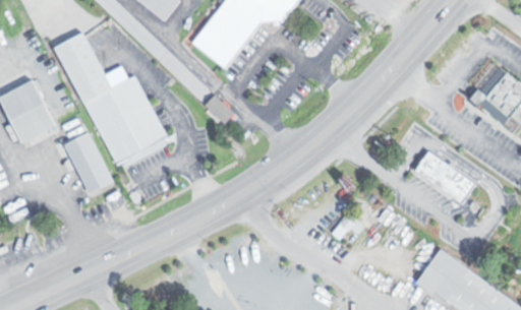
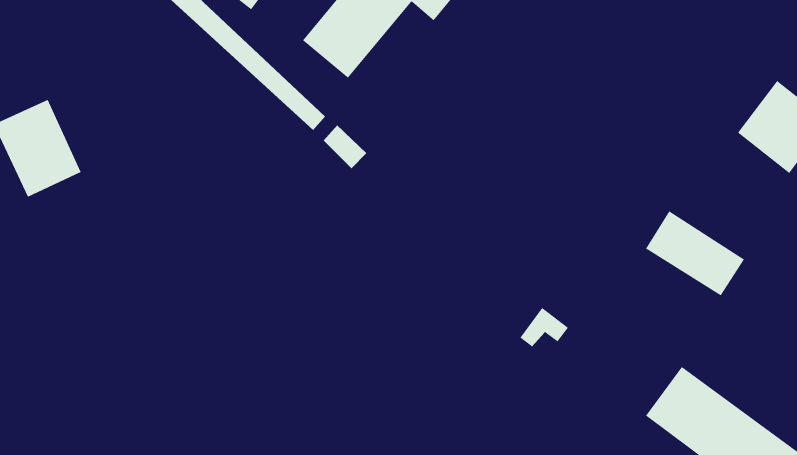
building: [53,34,170,165] -> none
building: [60,131,111,193] -> none

